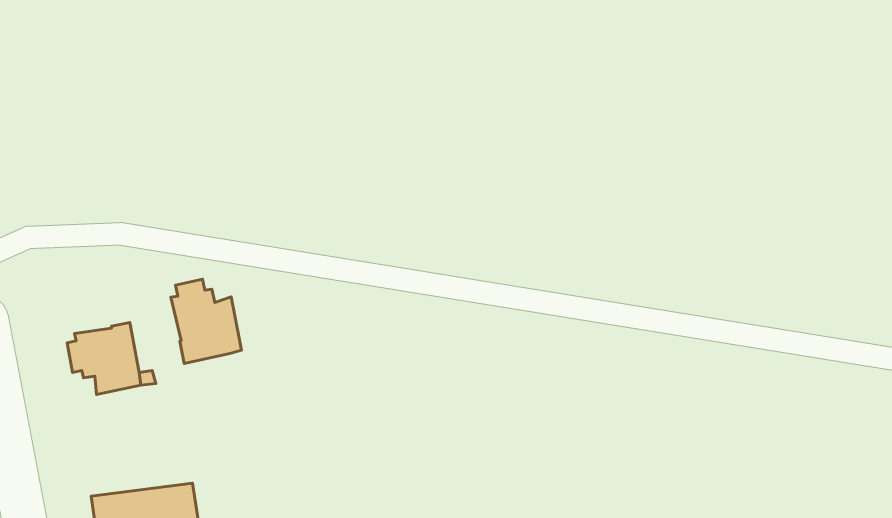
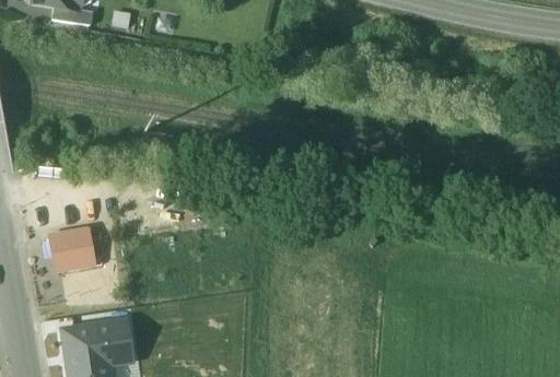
building: [171,279,241,363] -> none

